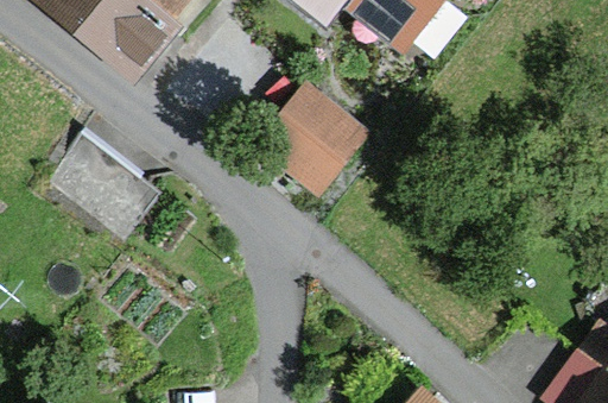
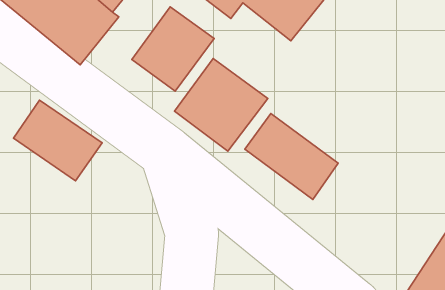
building: none -> [132,7,214,91]
building: none -> [245,114,338,200]

